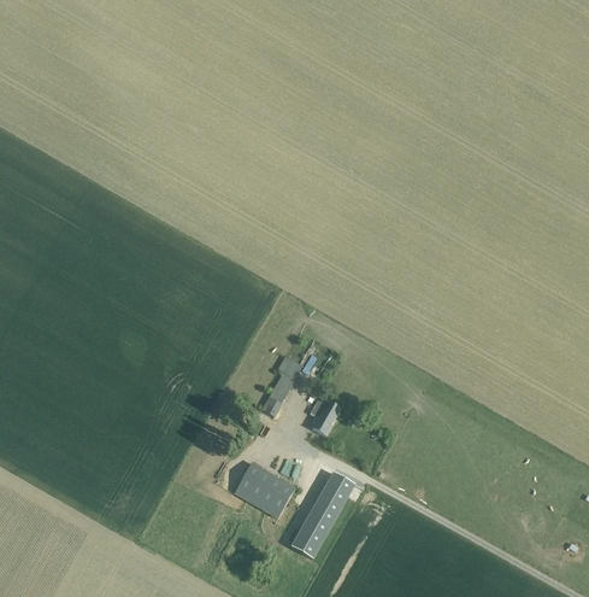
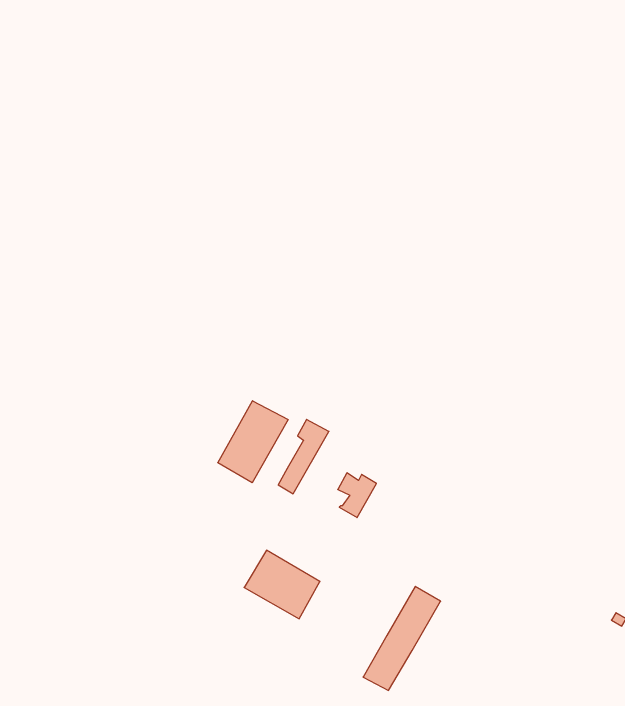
building: none -> [218,401,288,483]
building: [290,473,353,557] -> [363,586,441,690]

